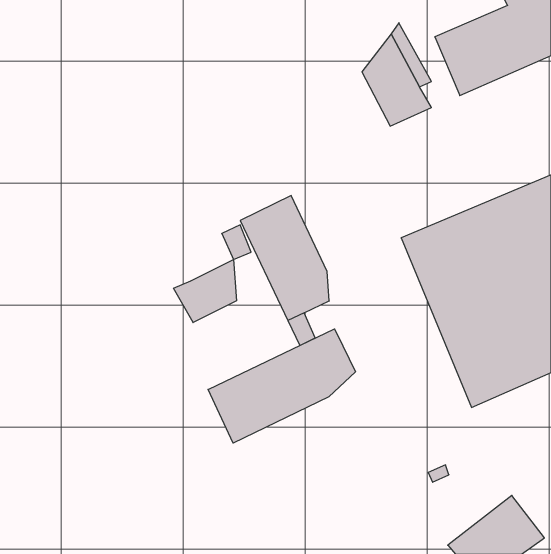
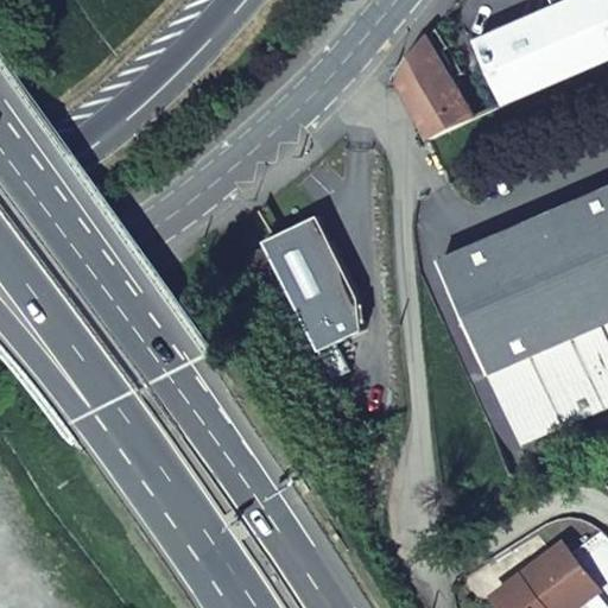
building: [174,260,236,323] -> none
building: [208,329,355,443] -> none

